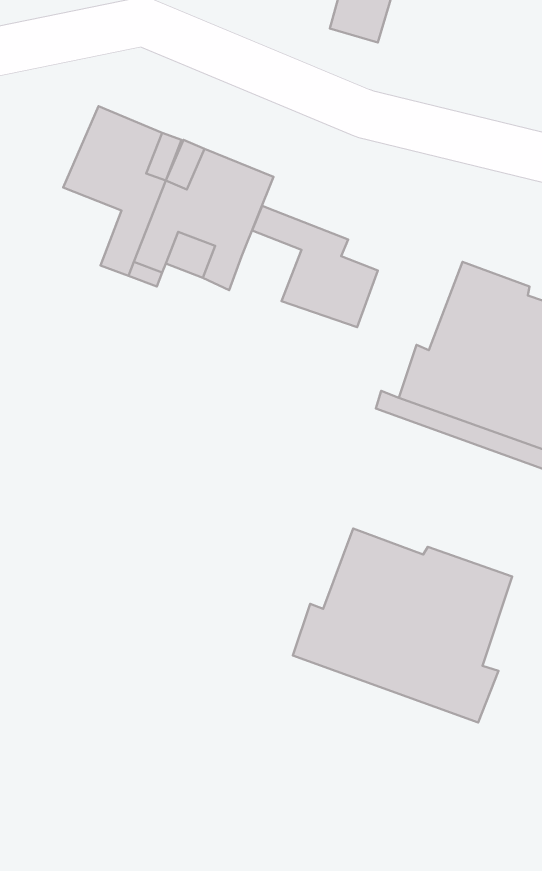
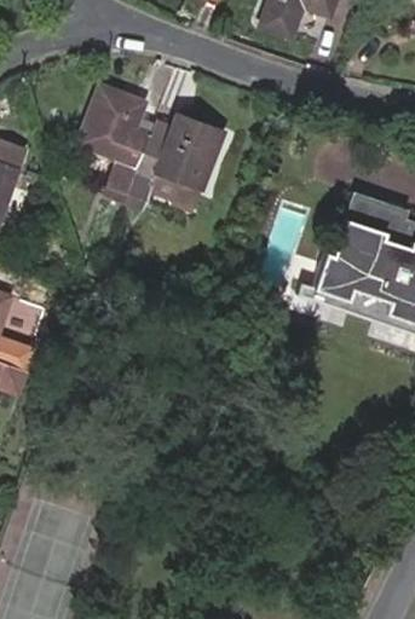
building: [252,206,378,327] -> none
building: [293,528,512,723] -> none

